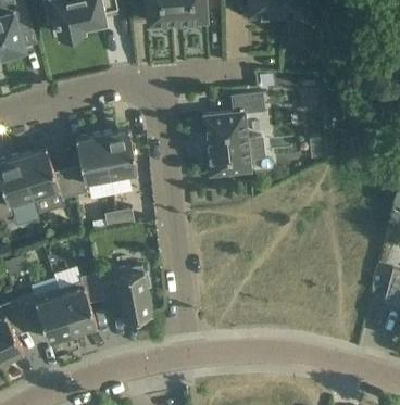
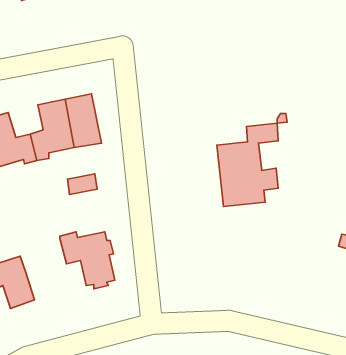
building: [204,96,265,178] -> [217,123,278,207]
building: [58,274,104,334] -> none

